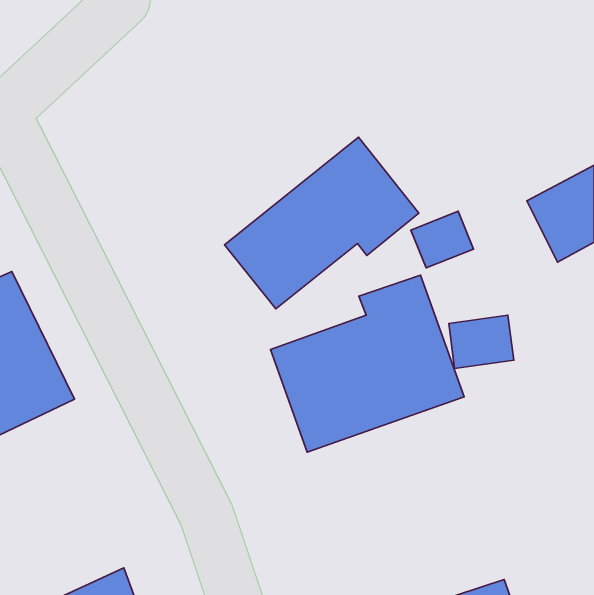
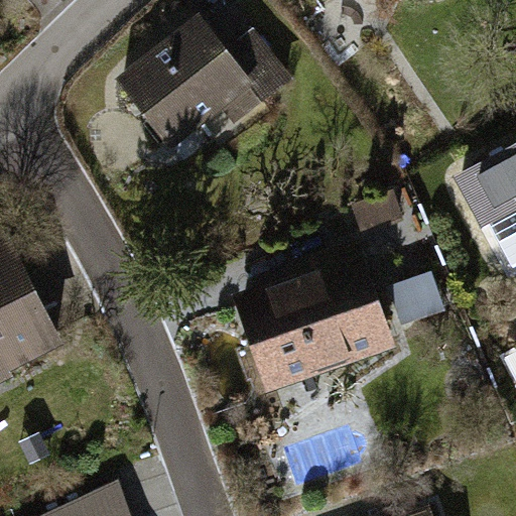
building: none -> [116,16,296,152]
building: [224,137,419,309] -> none

